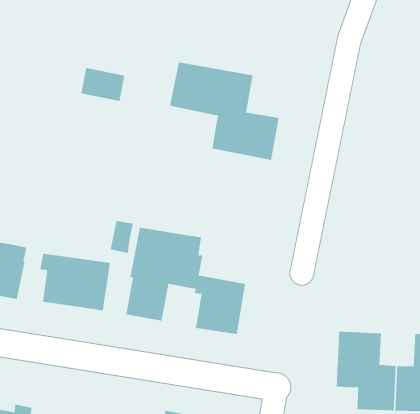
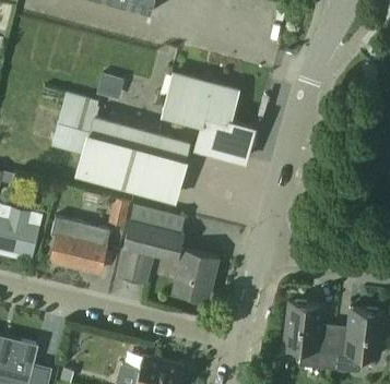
building: none -> [51,93,187,197]

